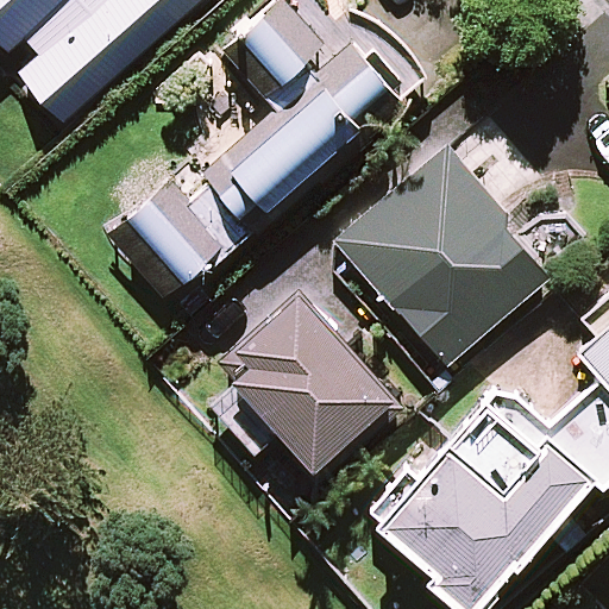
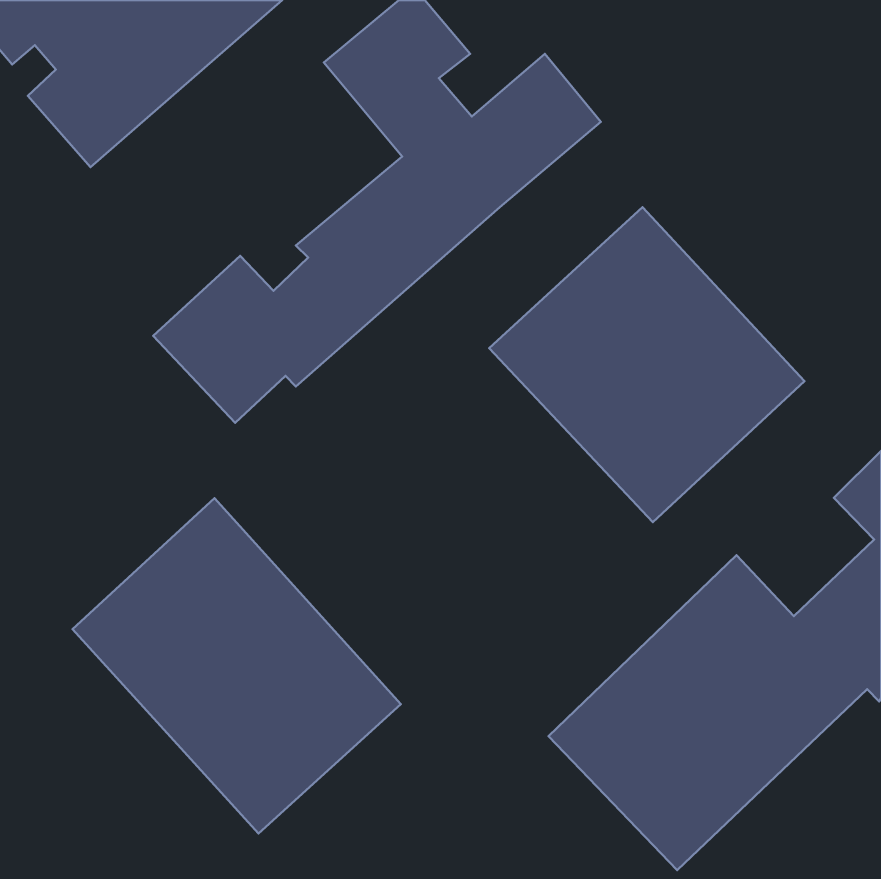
building: [218,290,403,479] -> none
building: none -> [73,498,401,833]

